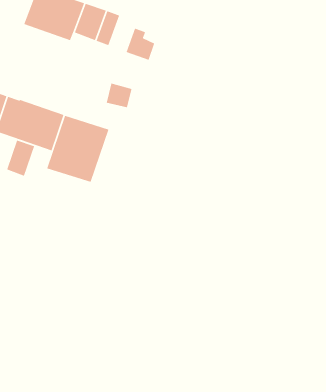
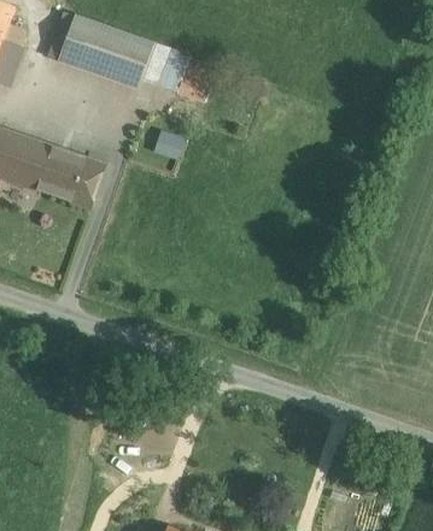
building: [46,115,110,183] -> none
building: [6,140,35,177] -> none

